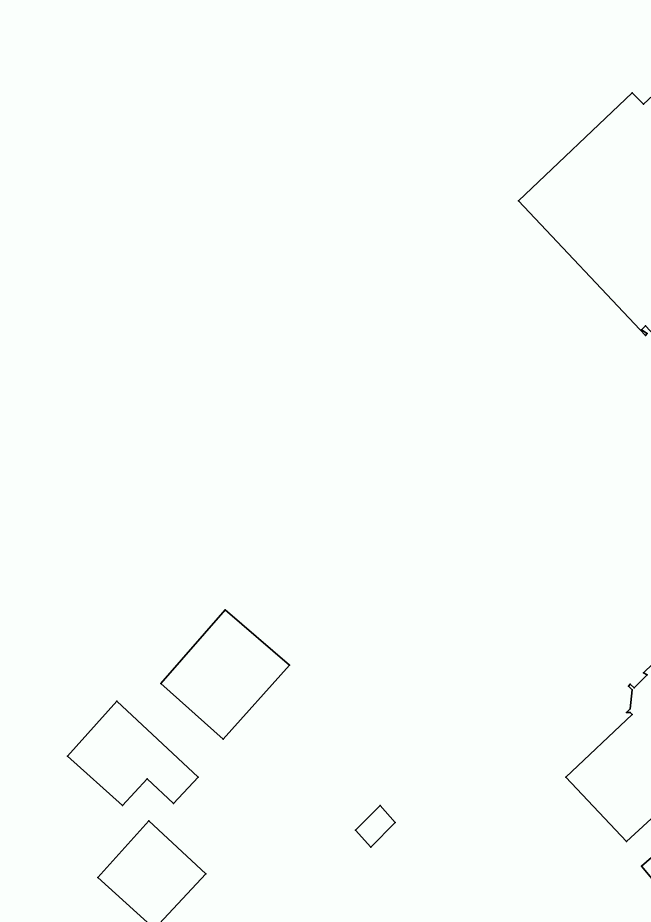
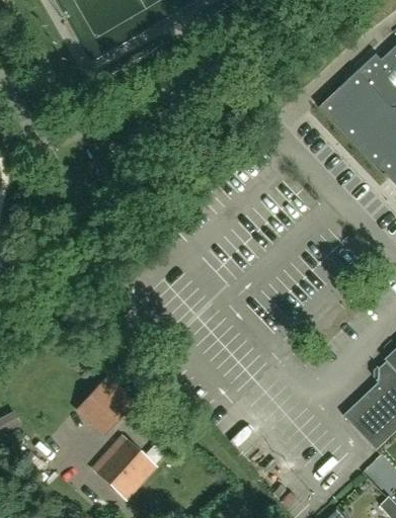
building: [161,610,290,739] -> none

